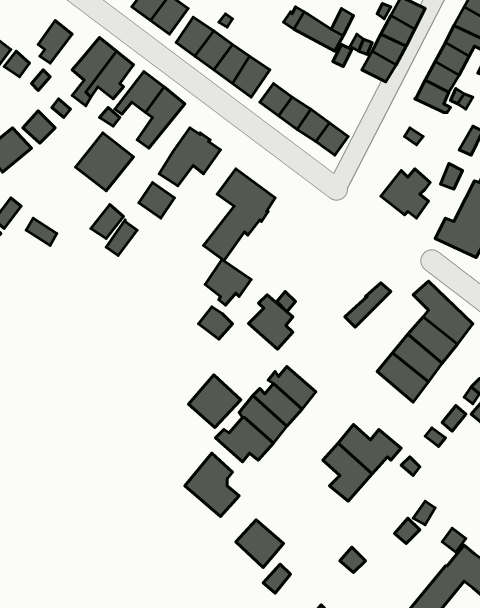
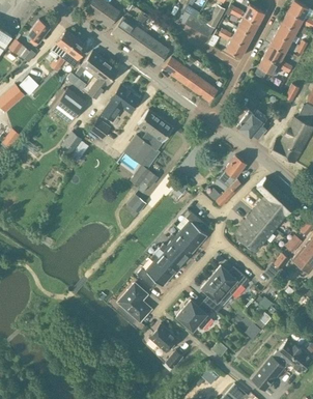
building: none -> [217,155,245,188]
building: [248,295,293,349] -> [179,212,206,246]
building: [188,375,241,428] -> none
building: none -> [176,300,217,330]

